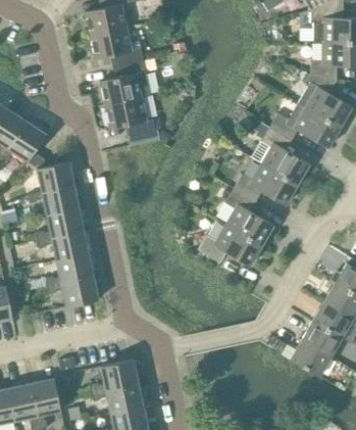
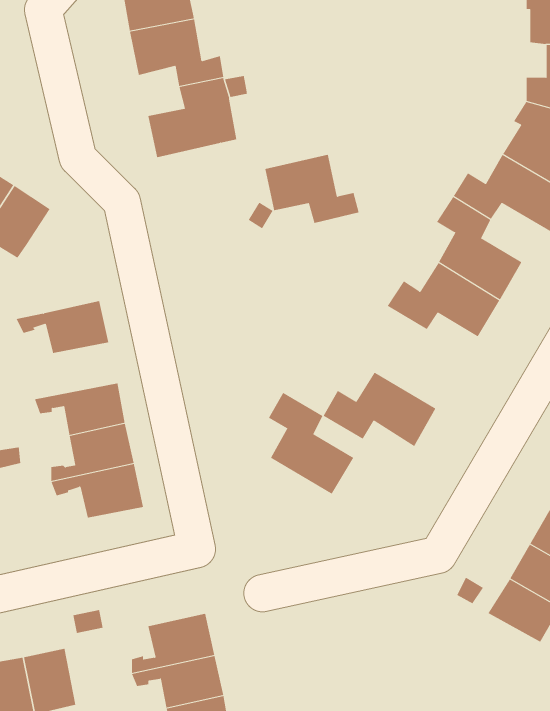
building: [105,97,158,136] -> [264,154,360,224]
building: [28,154,73,192] -> none
building: [225,188,273,245] -> [268,392,354,495]
building: [37,208,84,240] -> none

